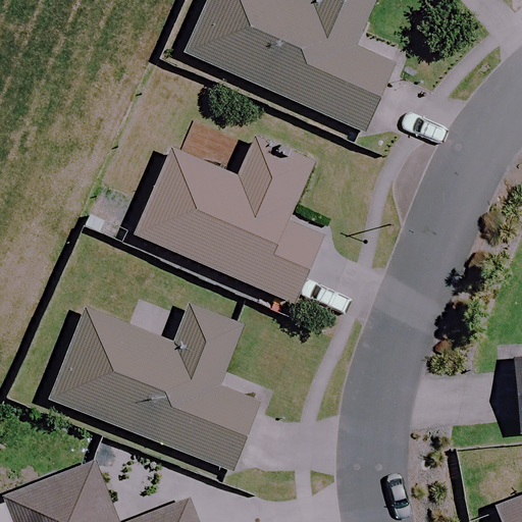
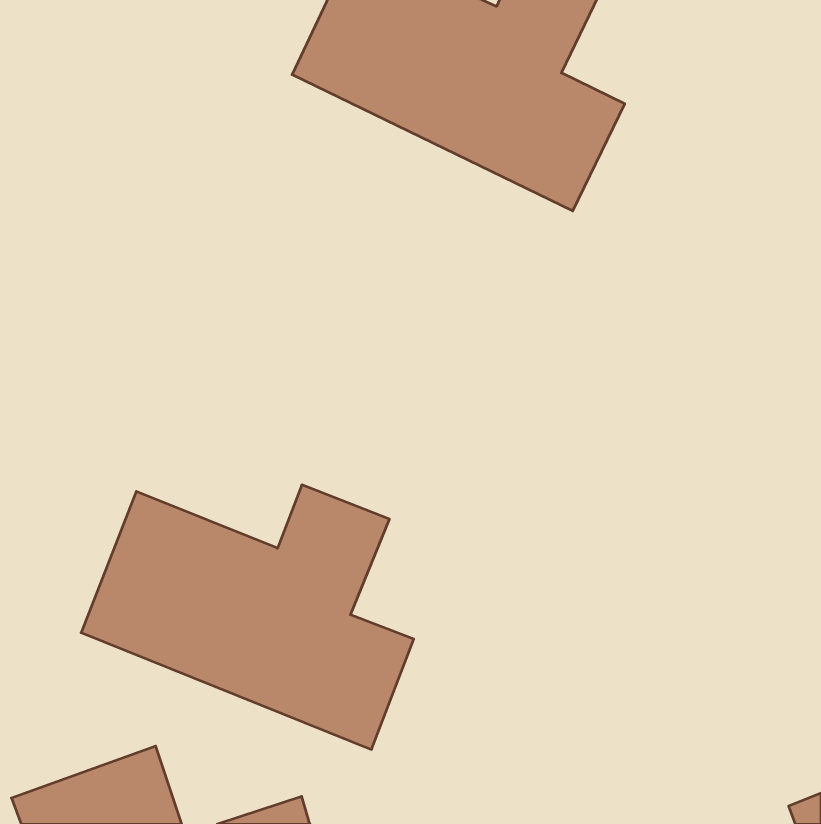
building: [135,137,319,300] -> none

